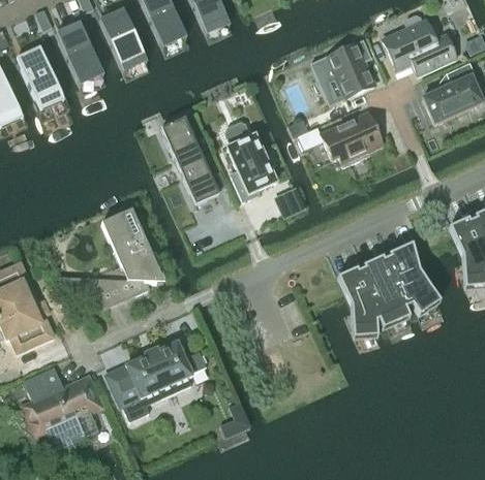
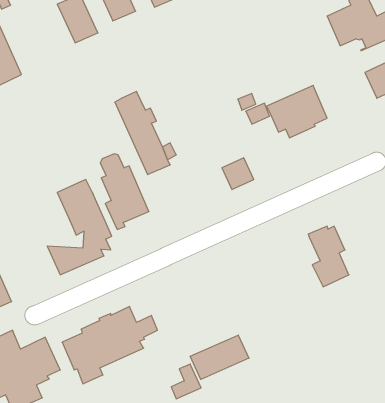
building: [58,29,100,81] -> none
building: [314,39,374,103] -> none
building: [225,122,276,200] -> [100,154,149,229]
building: [389,244,434,308] -> none
building: [337,268,378,329] -> none
building: none -> [190,335,249,379]

